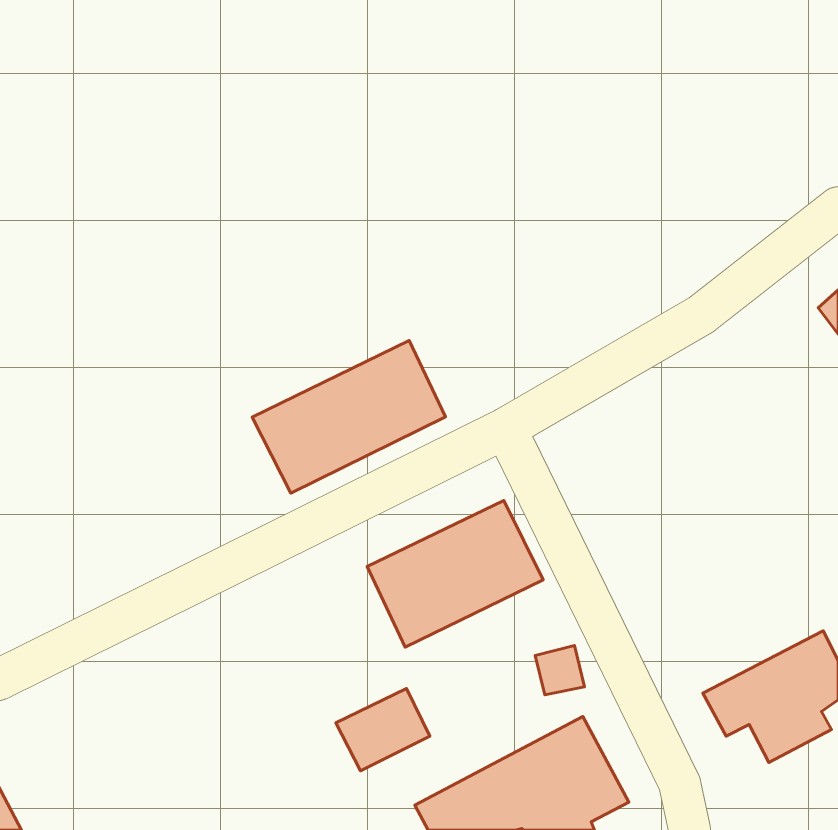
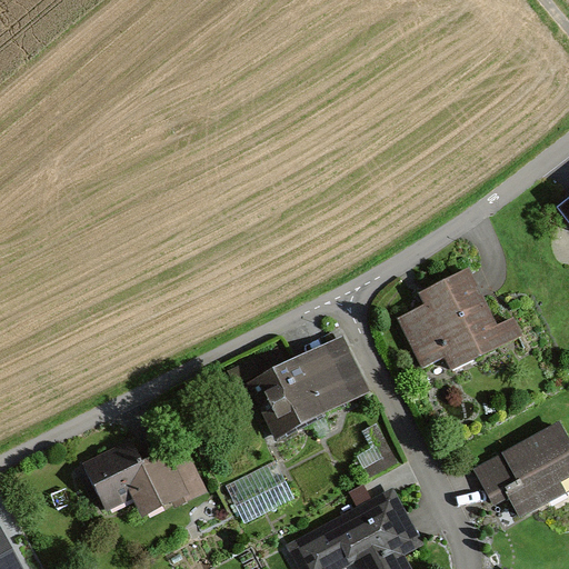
building: [252,340,445,493] -> none
building: none -> [401,270,520,371]
building: none -> [79,440,202,522]

